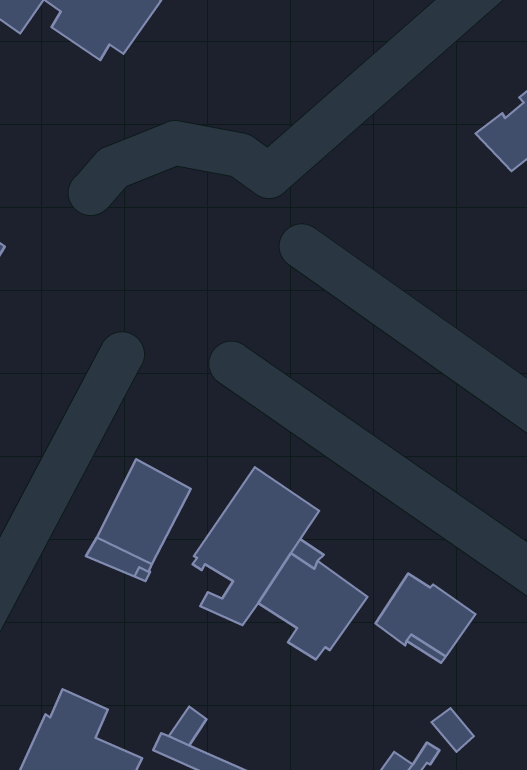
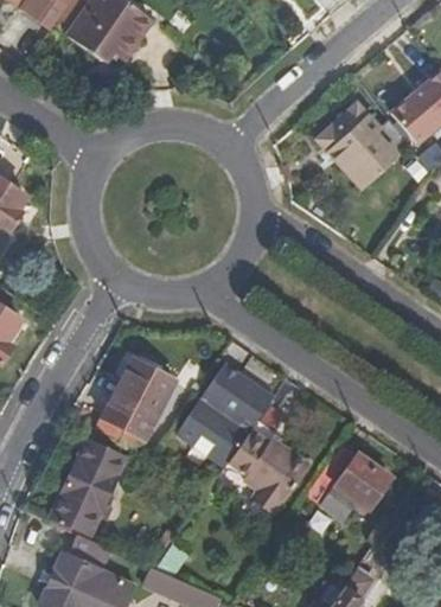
building: none -> [319,107,410,190]
building: none -> [52,443,116,535]

